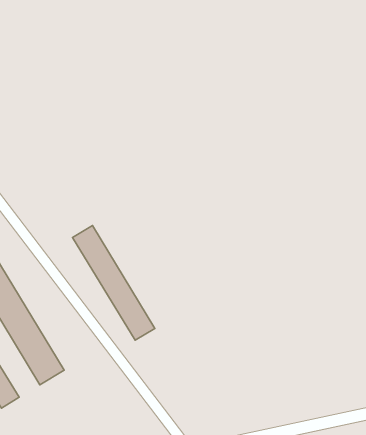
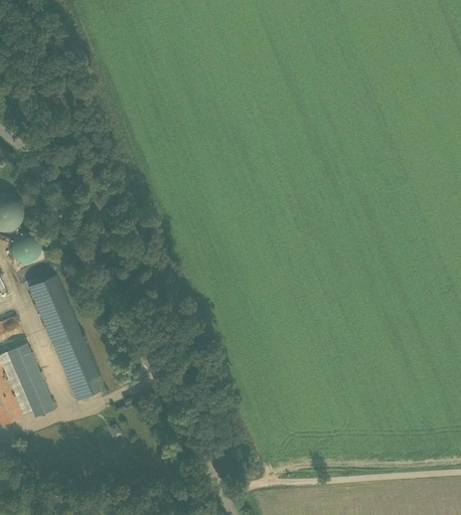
building: [73,226,155,340] -> none

